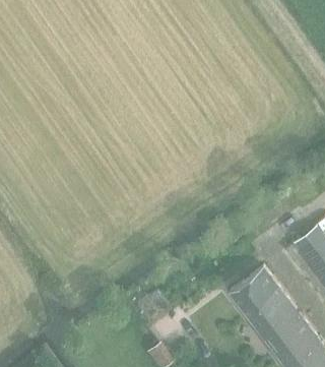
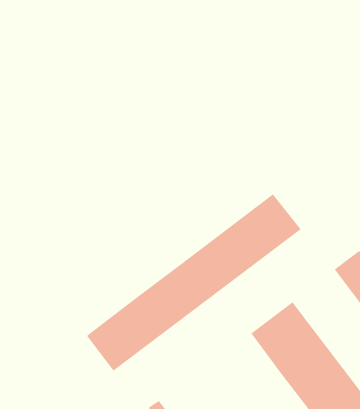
building: none -> [86,194,301,371]

